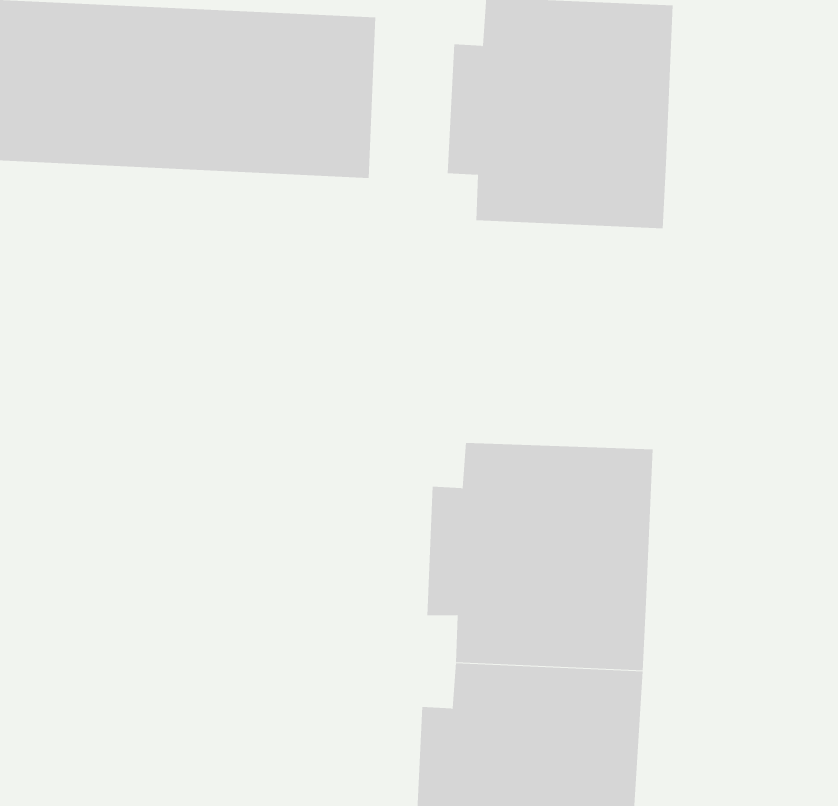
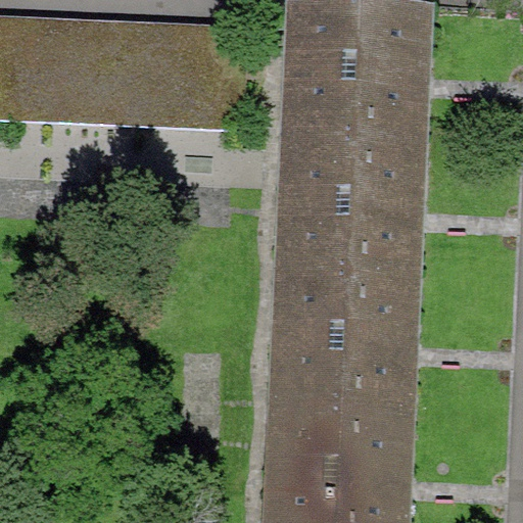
building: none -> [277,151,415,290]

